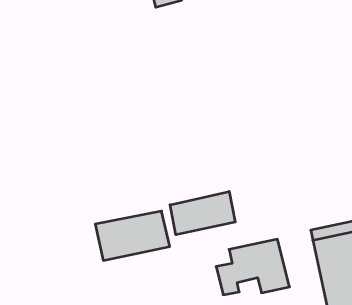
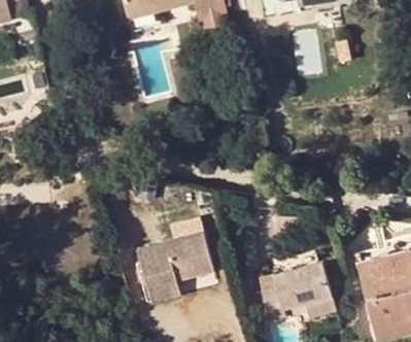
building: [170,191,235,235] -> none

